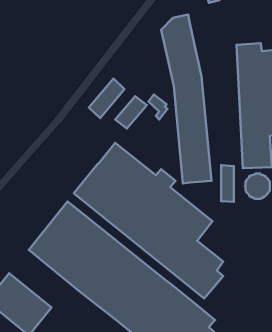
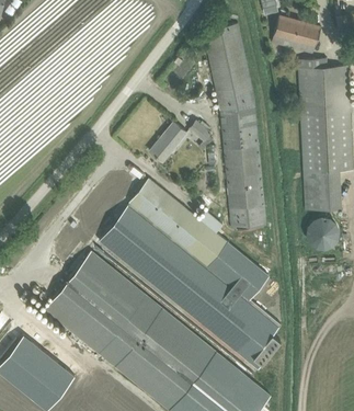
building: none -> [272,15,321,54]
building: [89,79,125,118] -> none
building: [221,165,234,202] -> none

